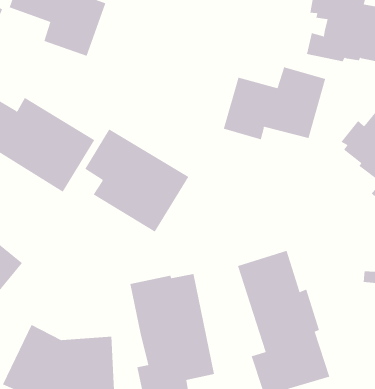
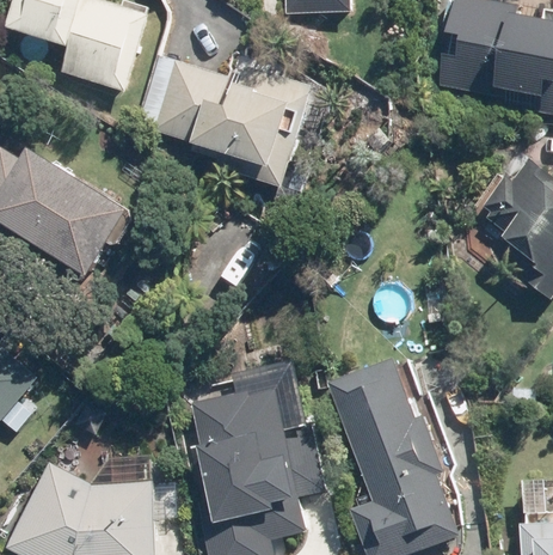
building: none -> [145,62,309,190]
building: [223,66,326,140] -> none
building: [84,129,189,232] -> none

